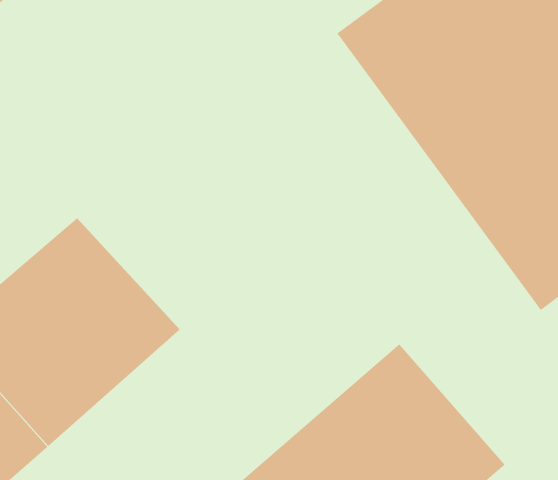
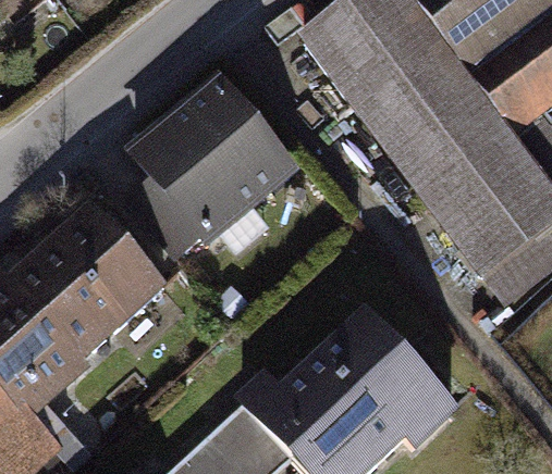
building: none -> [125,74,294,246]

